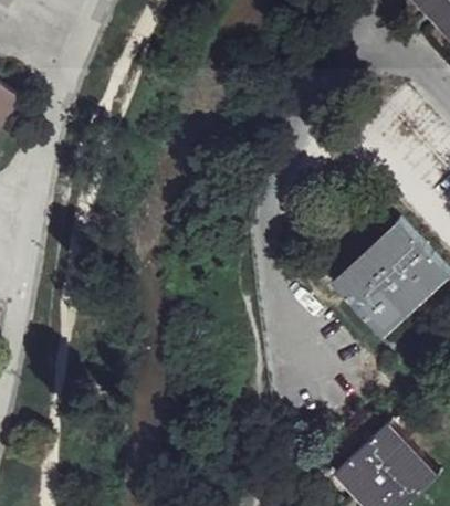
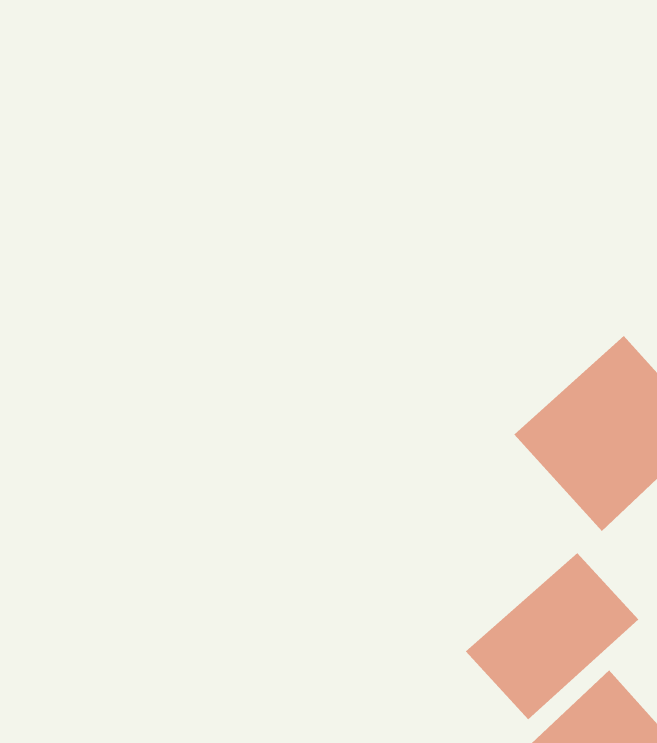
building: none -> [465,552,639,720]

